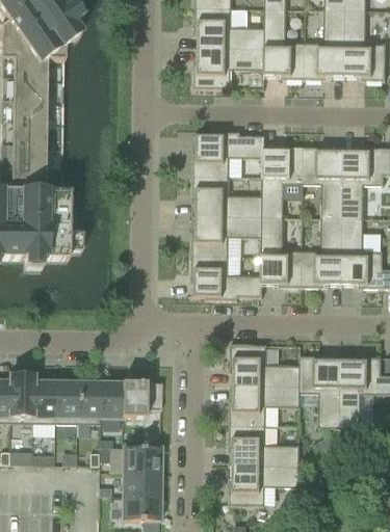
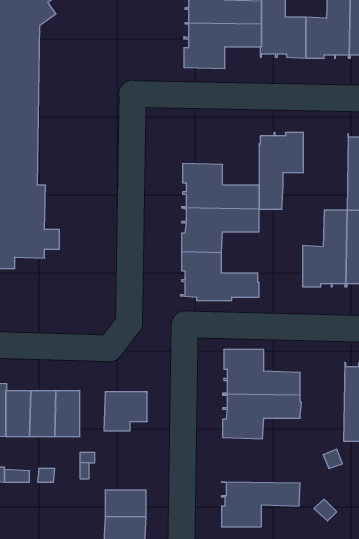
building: [192,131,264,176] -> none
building: [303,147,343,217] -> none
building: [261,216,302,287] -> none
building: [298,355,340,427] -> none
building: [99,381,122,418] -> none
building: [228,424,300,466] -> none
building: [122,447,159,472] -> none

